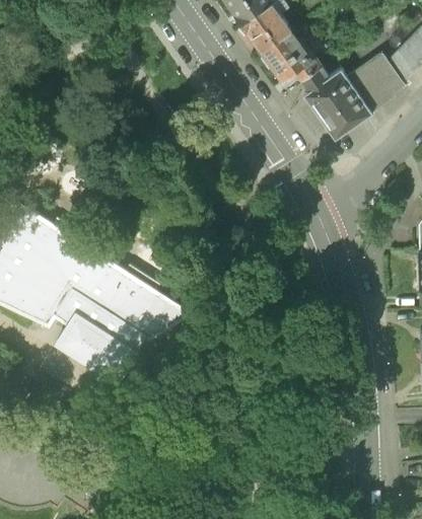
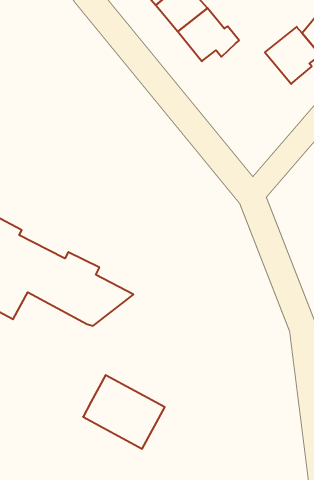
building: [301,67,370,138] -> none
building: [58,303,142,381] -> [83,375,165,449]

